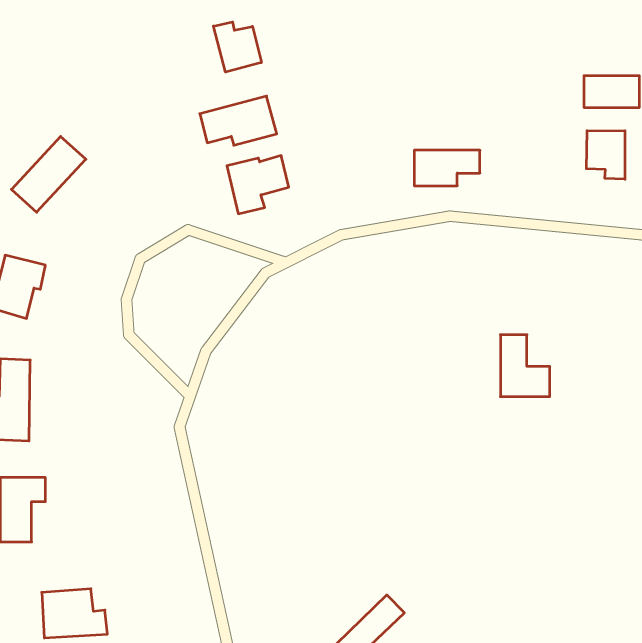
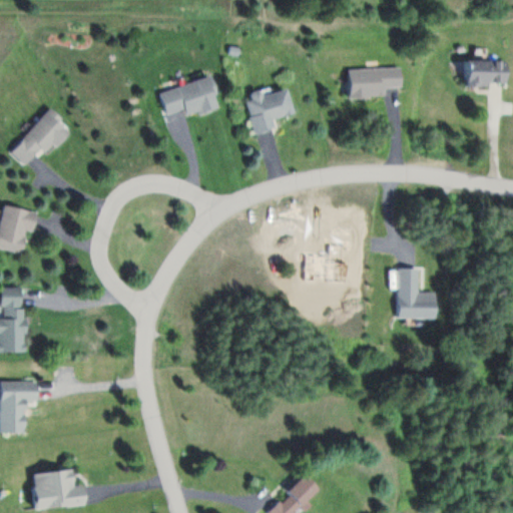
building: [213,22,261,72] -> none
building: [586,131,625,179] -> none
building: [414,150,480,186] -> [348,70,400,98]
building: [227,156,289,214] -> [244,89,294,135]

